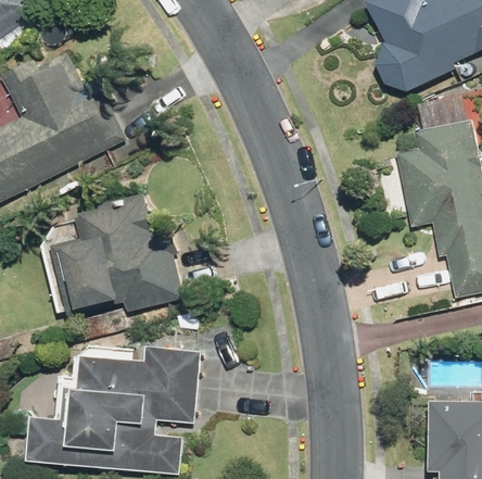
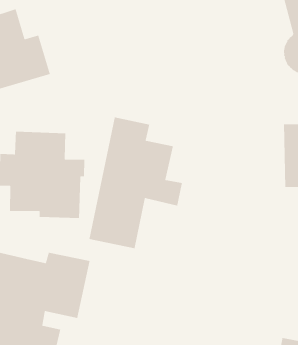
building: none -> [89,117,183,249]

